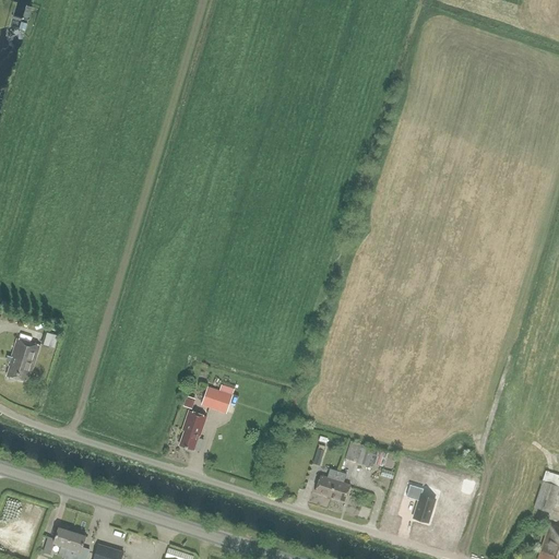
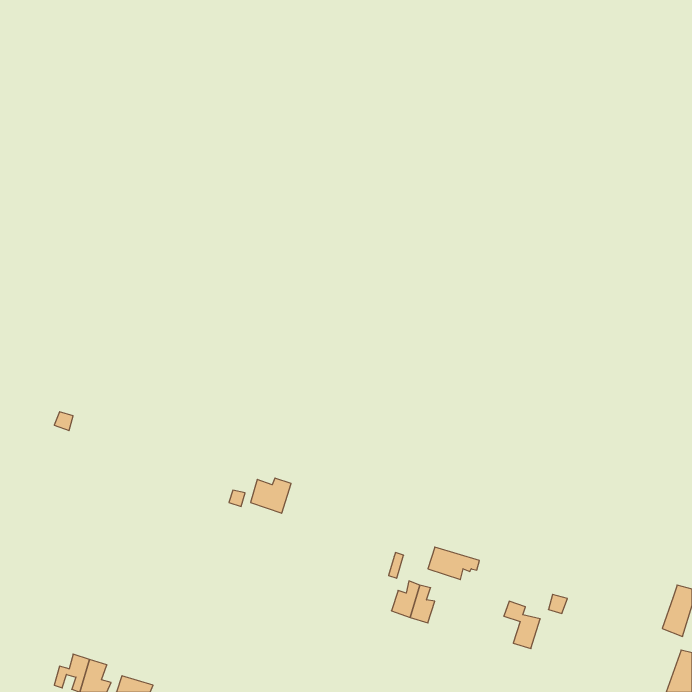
building: [7,338,40,383] -> none
building: [179,411,206,452] -> none

